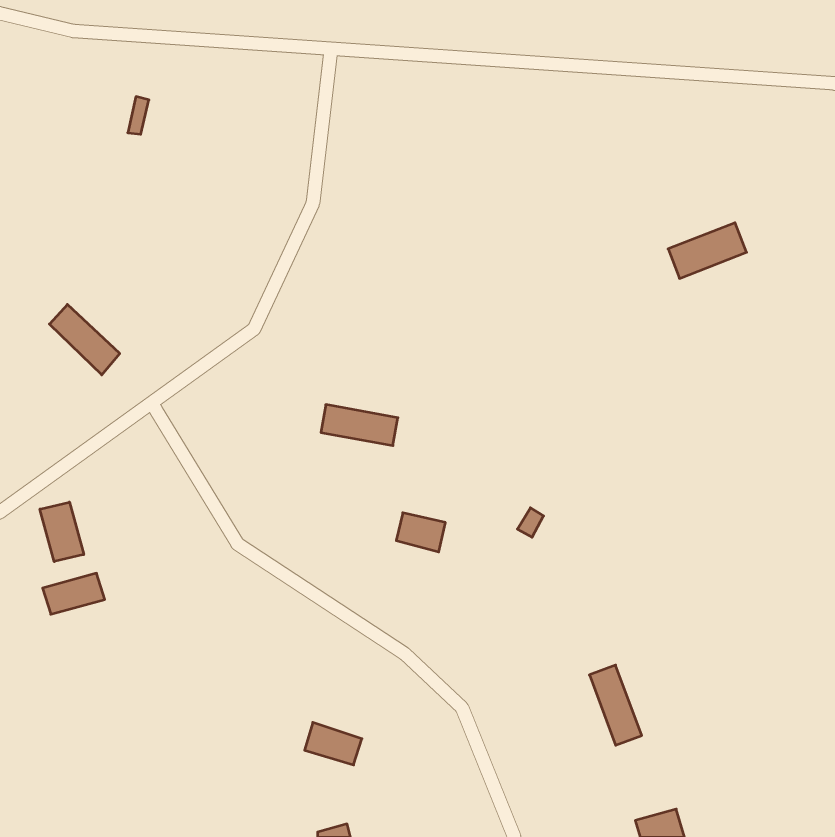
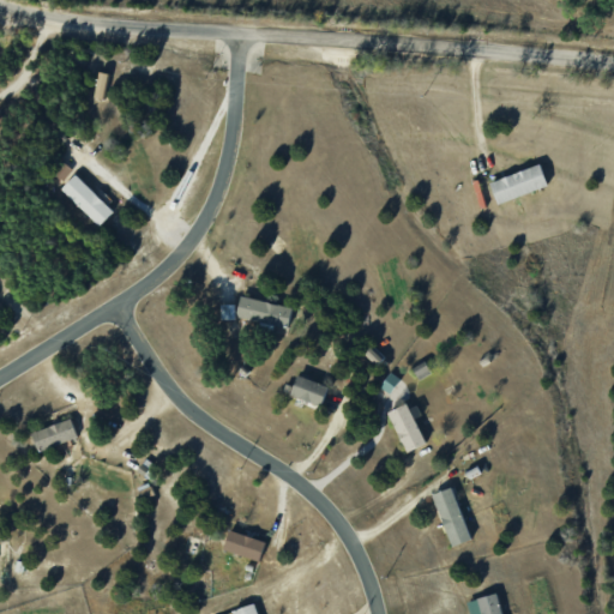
building: [49,304,120,375] -> [61,174,113,225]
building: [40,502,84,562] -> none
building: none -> [386,402,425,452]

